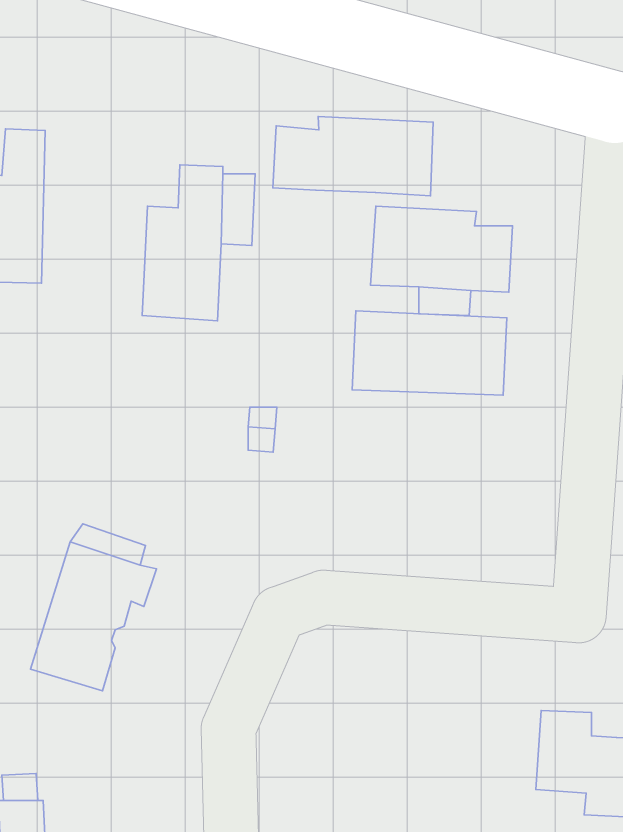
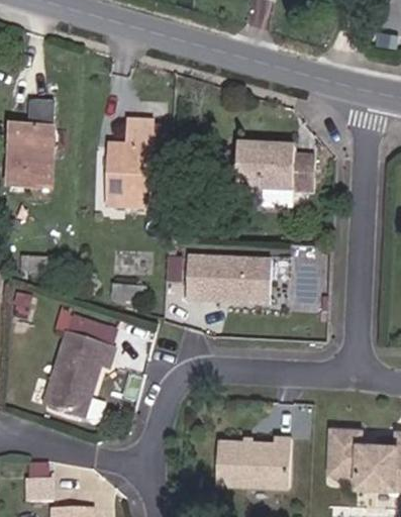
building: [273,116,433,196] -> none
building: [352,311,507,395] -> [184,254,271,302]
building: none -> [215,434,291,486]

